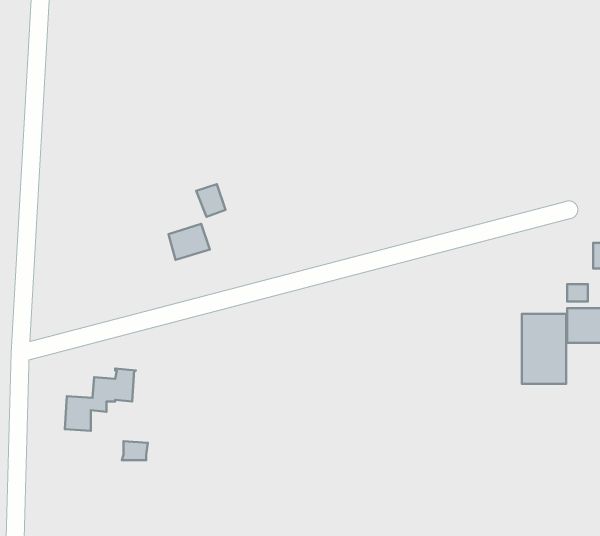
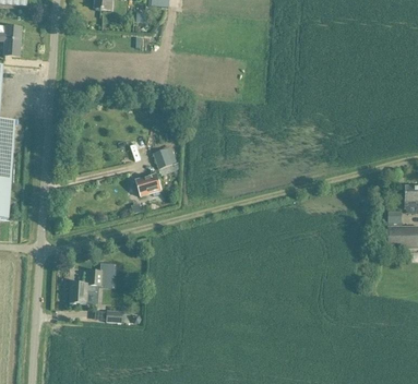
building: [522,314,566,384] -> none

